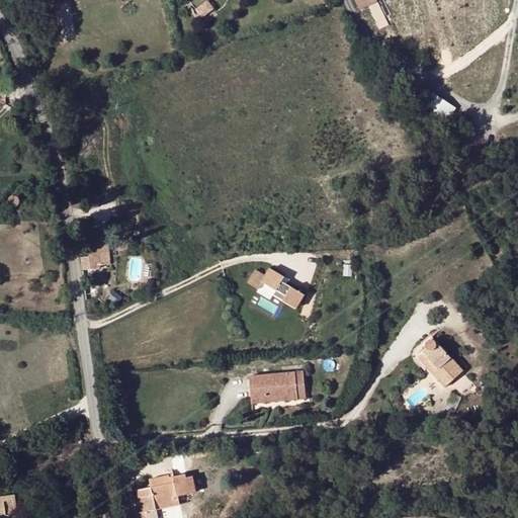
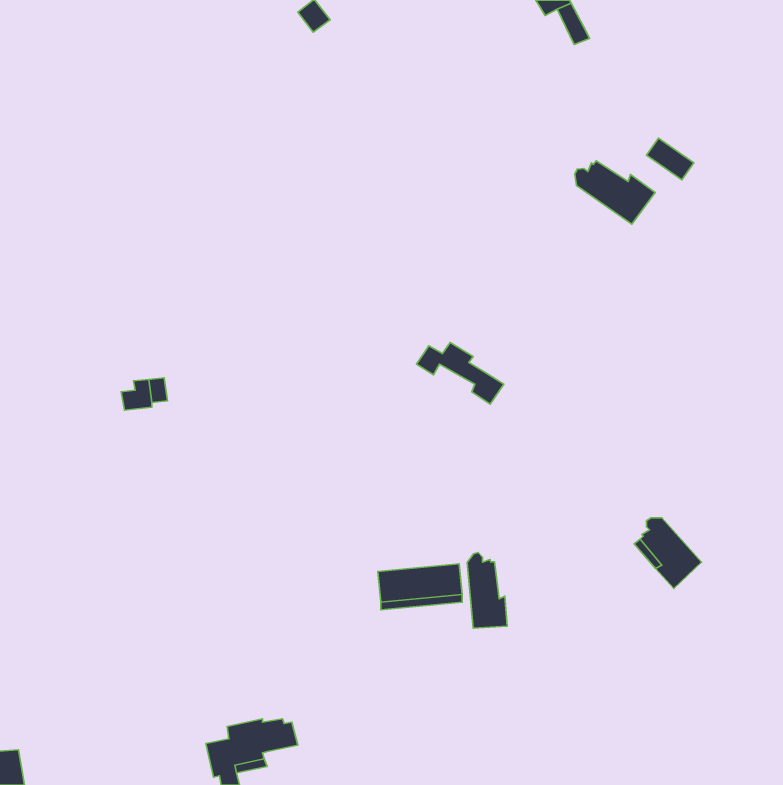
building: none -> [575,161,655,224]
building: [246,268,304,309] -> [416,343,504,404]
building: none -> [467,553,507,628]

